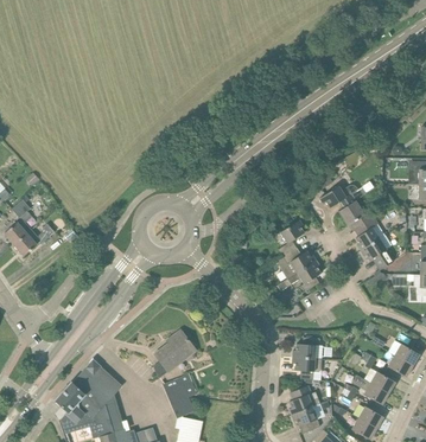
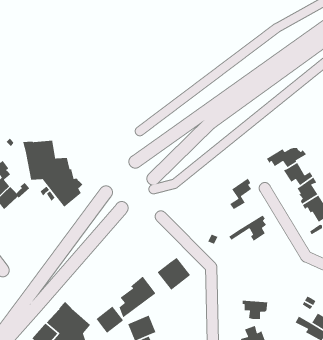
building: none -> [22,140,83,208]
building: [276,248,316,278] -> none
building: none -> [156,257,191,291]
building: [292,337,322,359] -> none
building: none -> [95,305,124,334]

